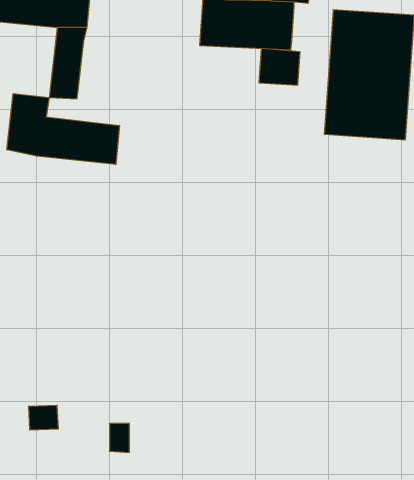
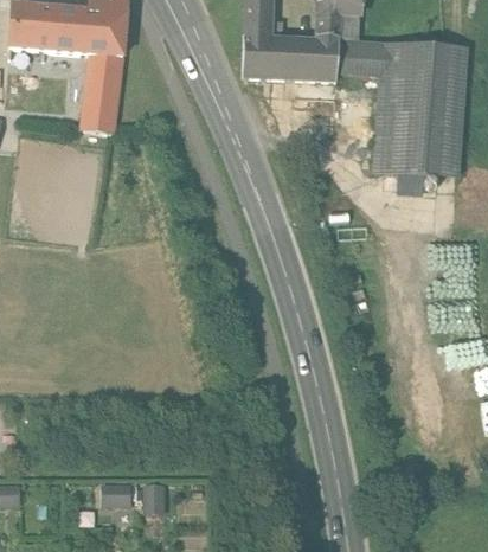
building: [259,48,300,85] -> [338,36,381,75]
building: [7,94,119,165] -> none
building: [28,405,58,430] -> [101,477,133,503]

